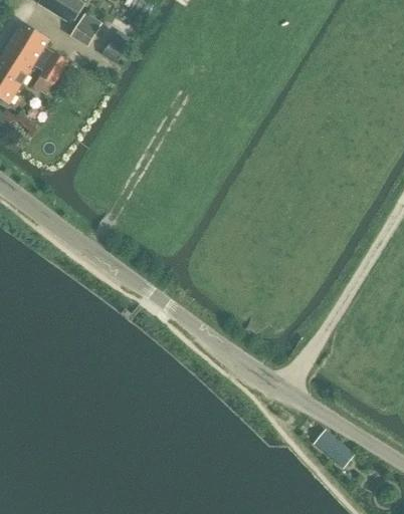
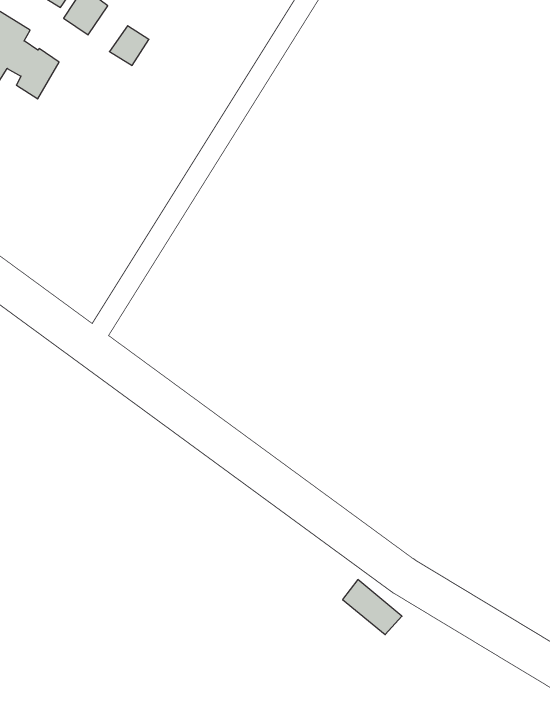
building: [315,430,354,466] -> [343,580,402,635]

